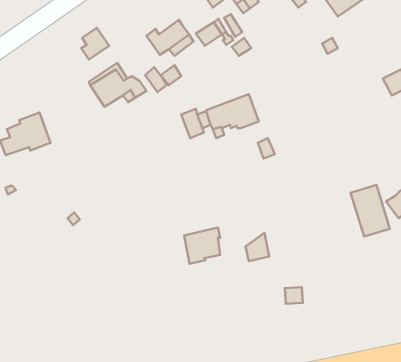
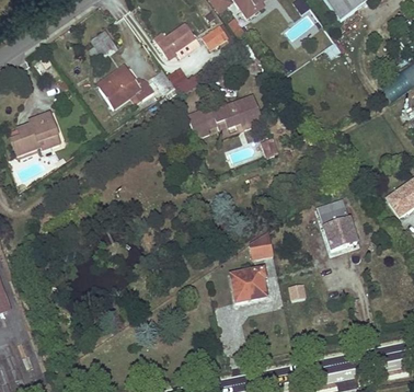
building: [351,185,390,237] -> [318,199,356,250]
building: [184,228,220,264] -> [230,267,265,302]

